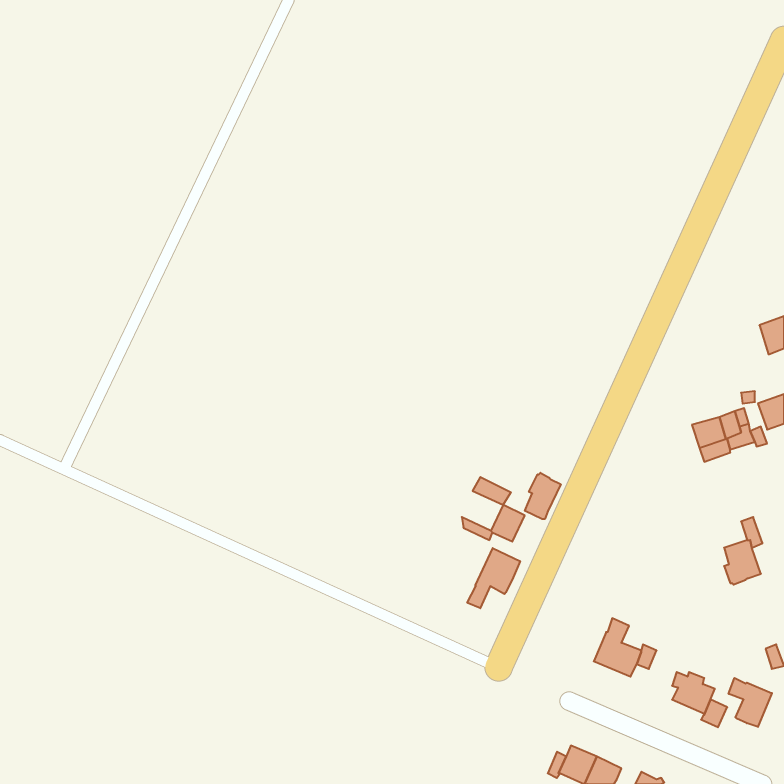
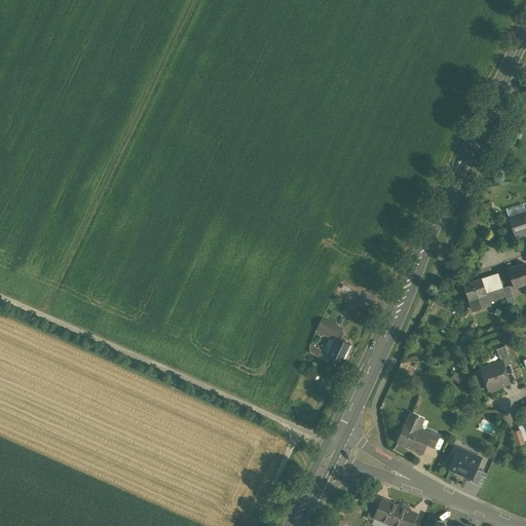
building: [525,473,561,519] -> none
building: [467,548,520,608] -> none
building: [729,678,772,727] -> none

